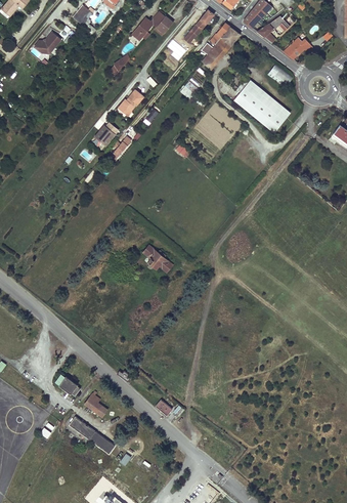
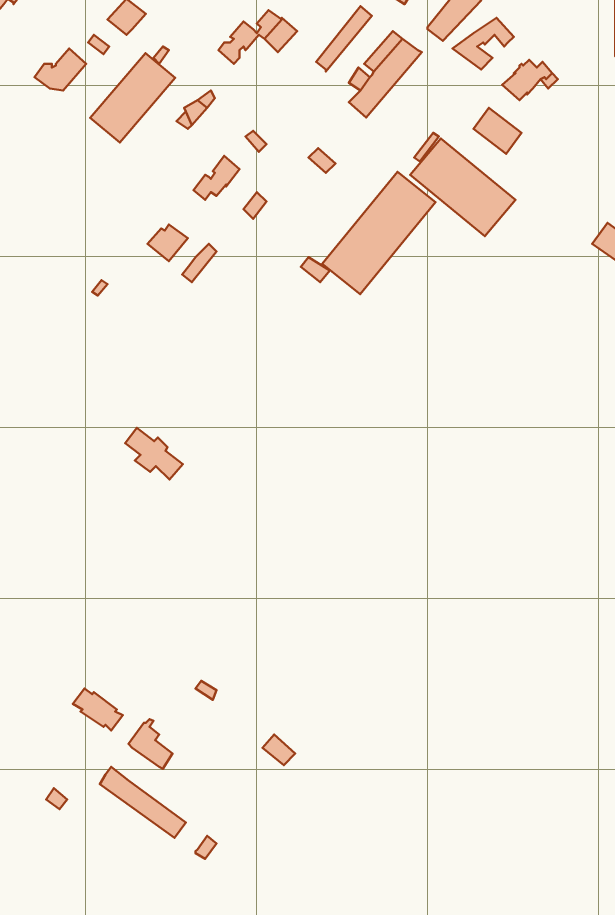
building: none -> [90,53,175,142]
building: none -> [322,172,436,294]
building: [143,245,174,273] -> [125,428,183,480]

